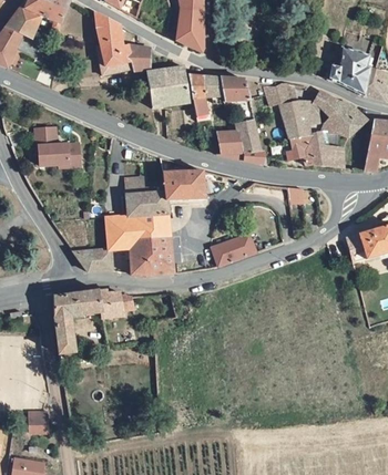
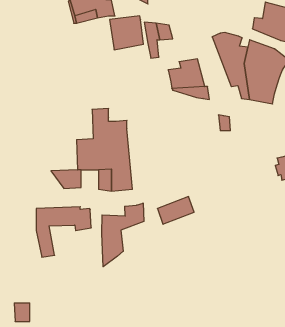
building: [222,76,252,100] -> none
building: [41,130,86,168] -> none
building: [169,174,210,202] -> none
building: [205,230,249,264] -> [157,197,194,224]
building: none -> [102,203,144,267]

